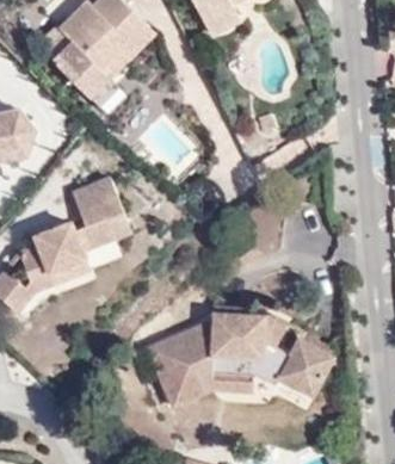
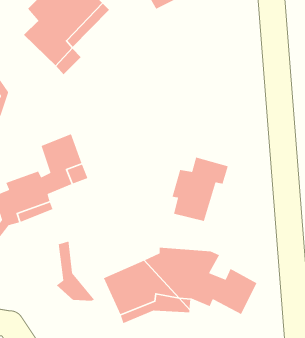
building: none -> [171,156,229,222]
building: none -> [56,240,95,302]

